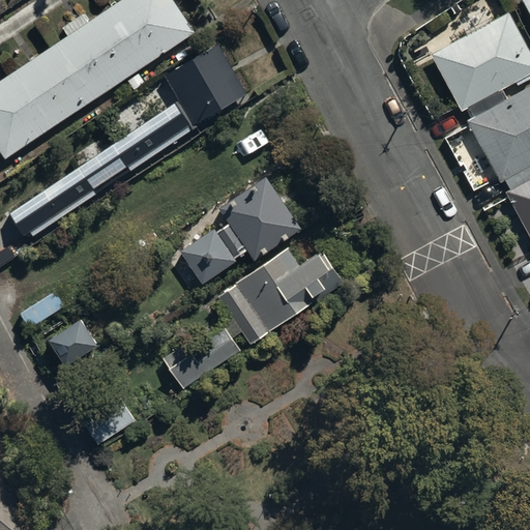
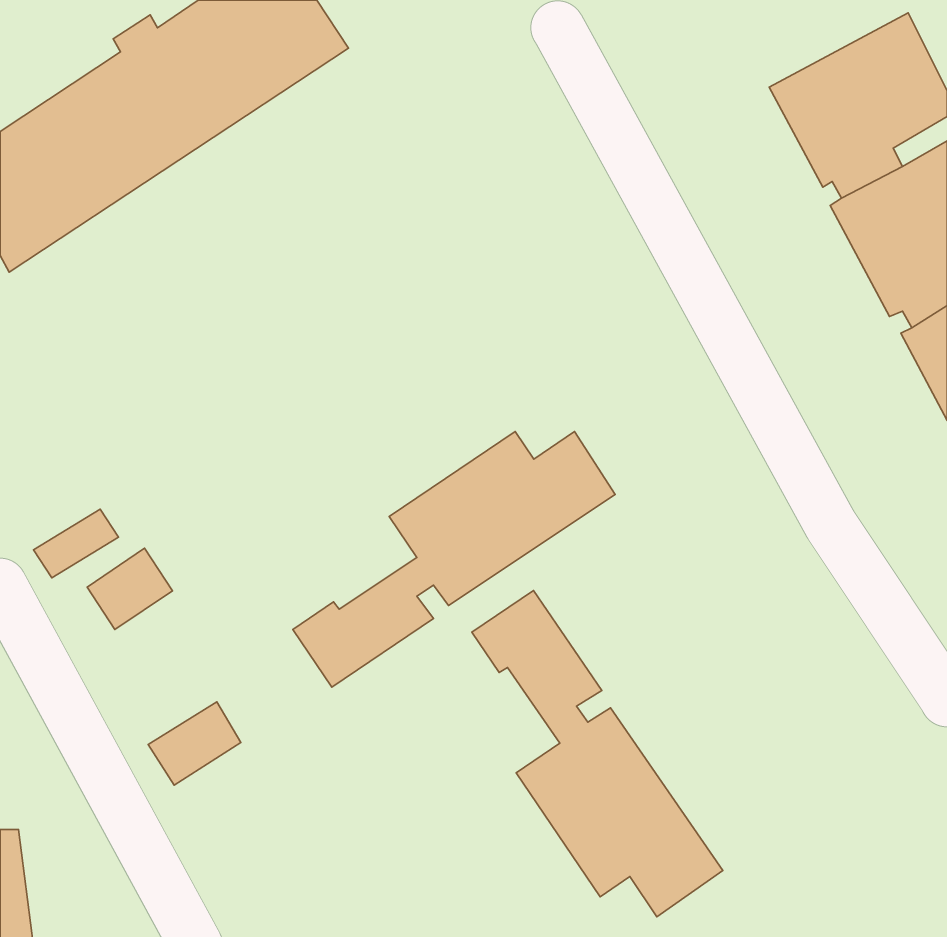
building: [7,46,247,237] -> none
building: [182,173,302,281] -> none
building: none -> [472,590,723,917]

